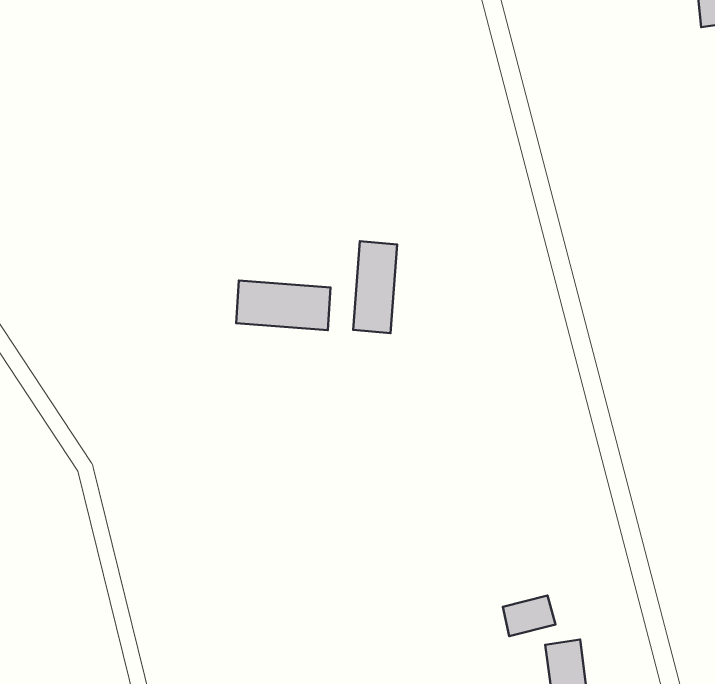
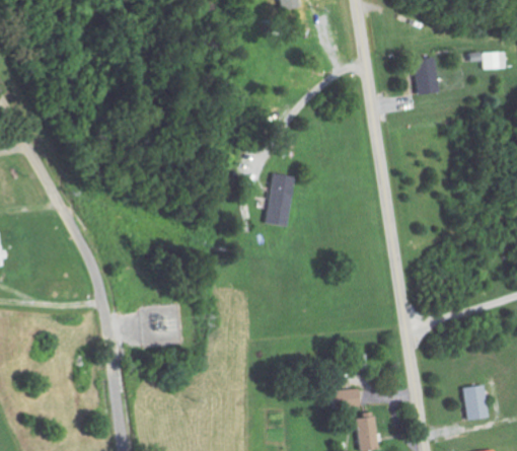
building: none -> [415,59,438,94]
building: [236,280,331,330] -> none

